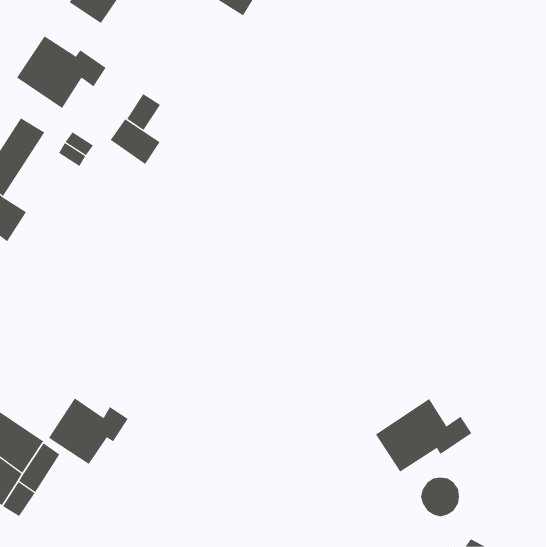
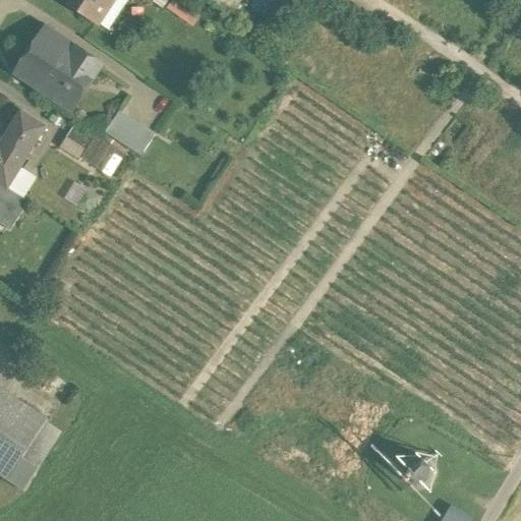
building: [127,93,161,131] -> none
building: [48,398,129,465] -> none
building: [375,398,472,472] -> none

